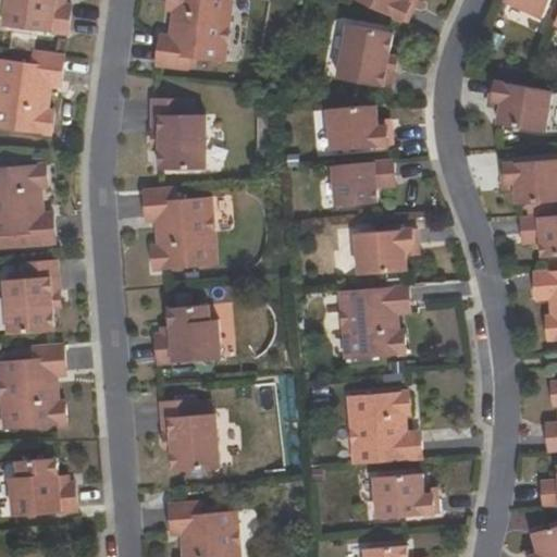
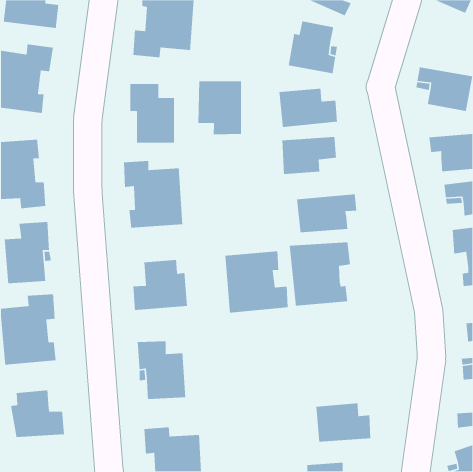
building: none -> [198,81,242,135]
building: [345,389,420,463] -> [225,251,288,314]

